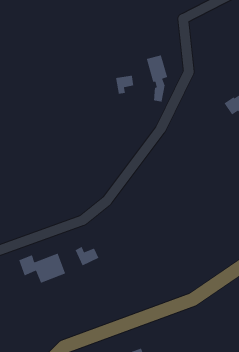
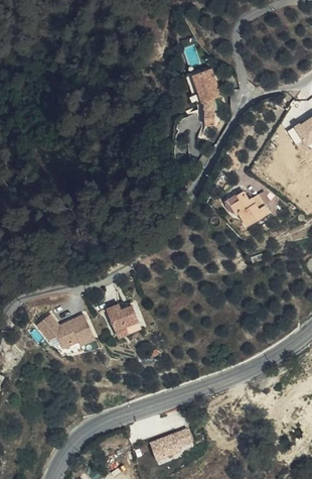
building: [115,75,134,94] -> none
building: none -> [230,190,269,226]

